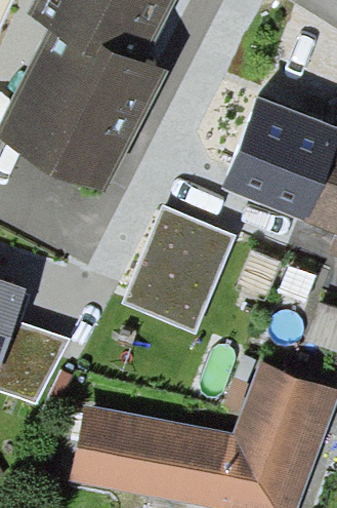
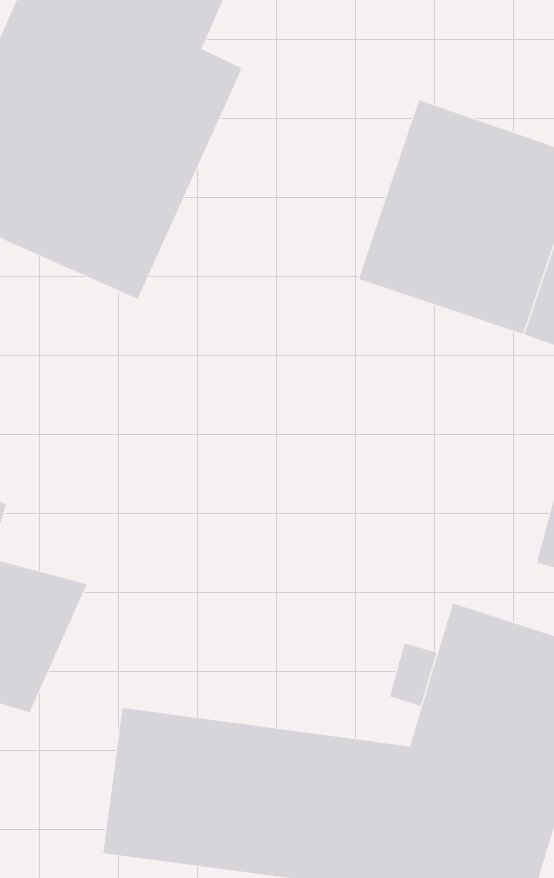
building: [122,205,236,333] -> none

